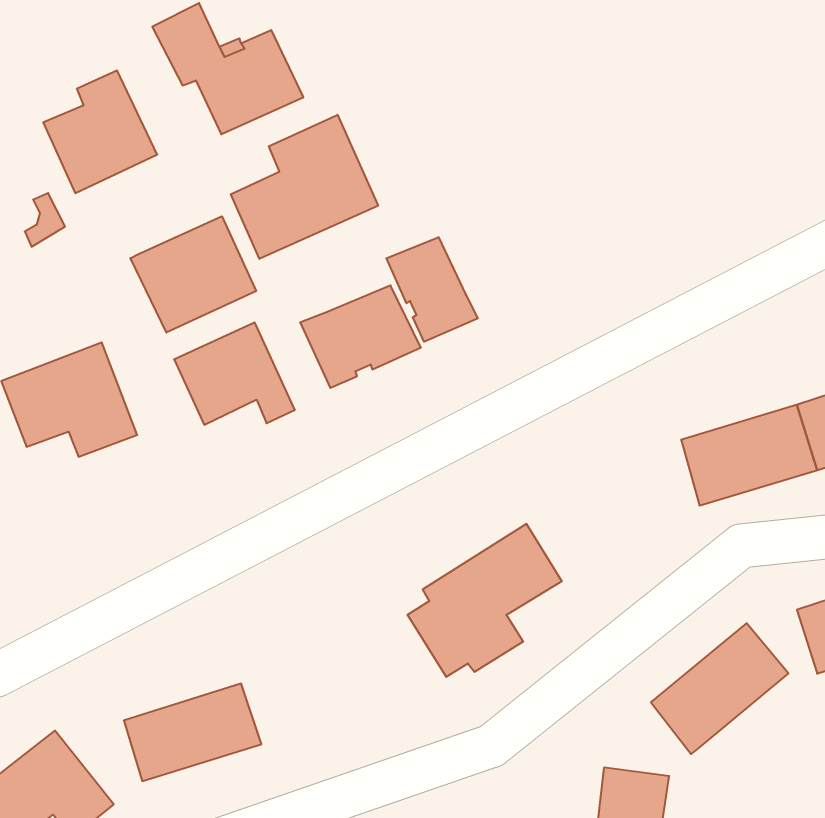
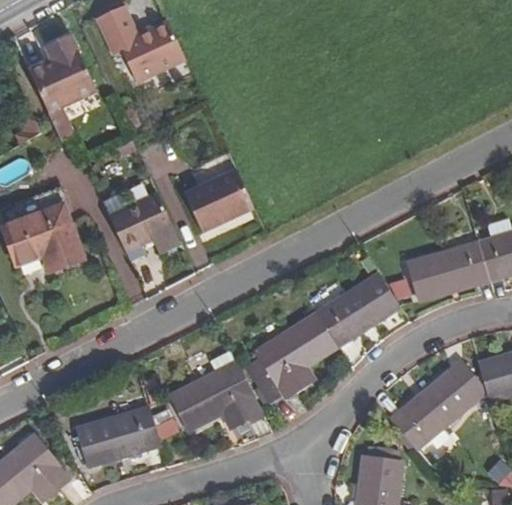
building: [231,115,378,259] -> none
building: [130,216,256,333] -> none
building: [386,237,478,342] -> none
building: none -> [317,274,400,346]
building: none -> [171,361,260,429]

